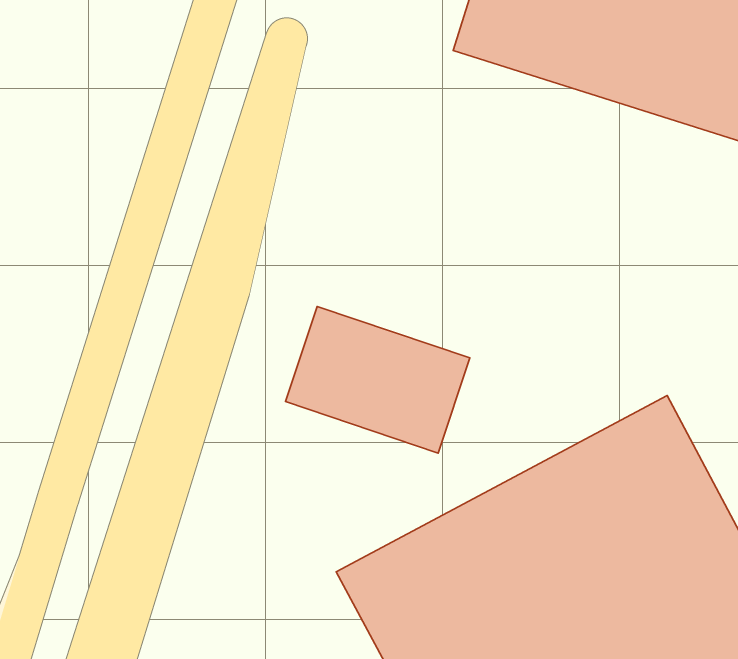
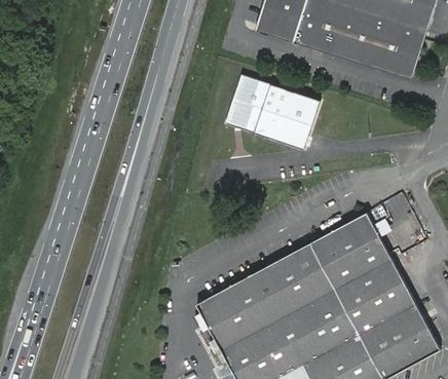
building: [285,306,470,453] -> [225,73,321,149]

